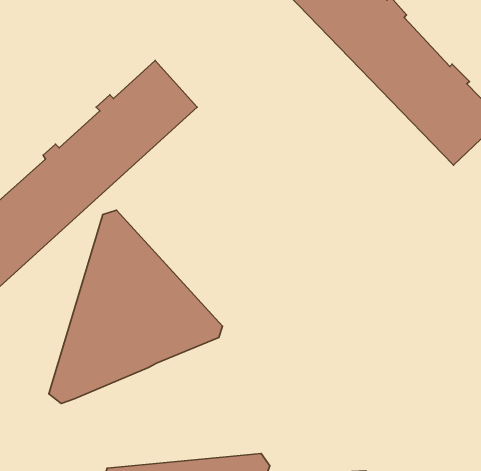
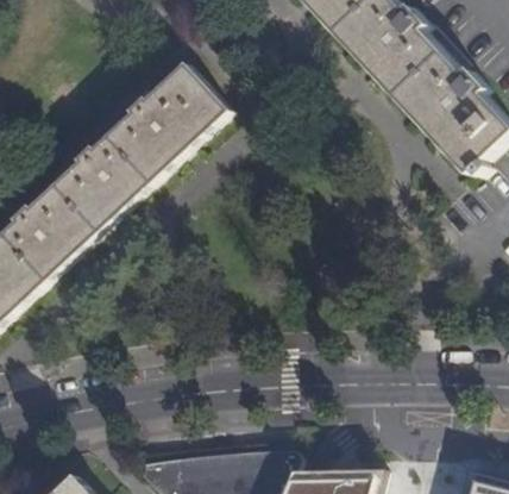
building: [49,210,222,404] -> none

